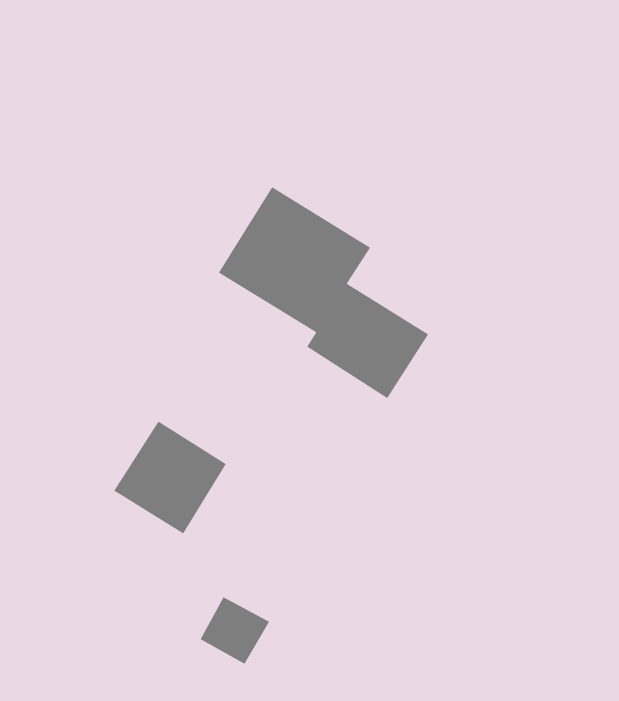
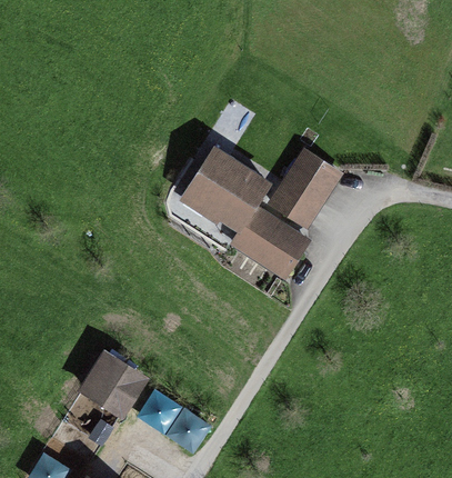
building: none -> [270,148,342,227]
building: [113,421,227,534] -> [80,352,150,422]

